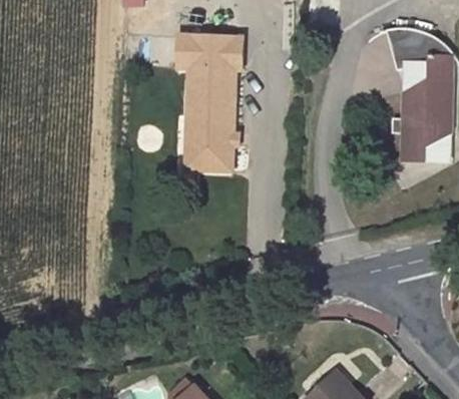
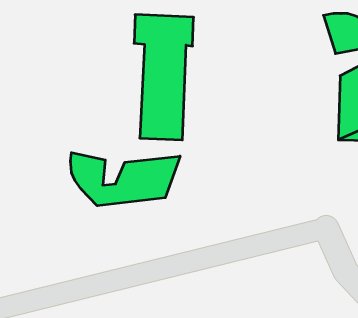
building: none -> [71,153,180,206]

